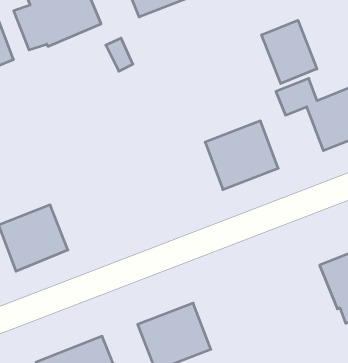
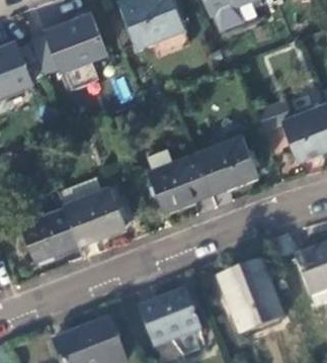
building: [262,20,317,84] -> none
building: none -> [148,154,211,212]
building: none -> [57,177,127,246]
building: none -> [217,262,281,335]

